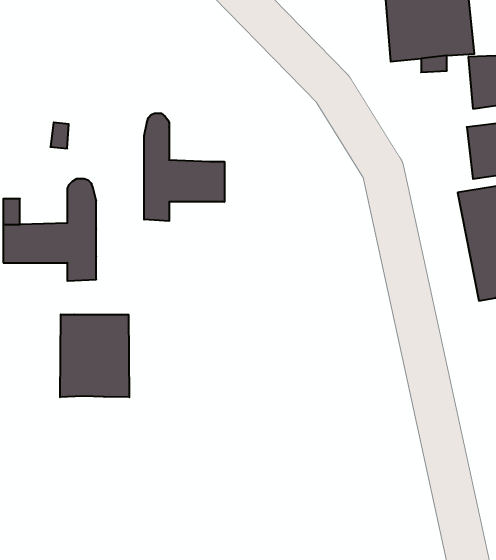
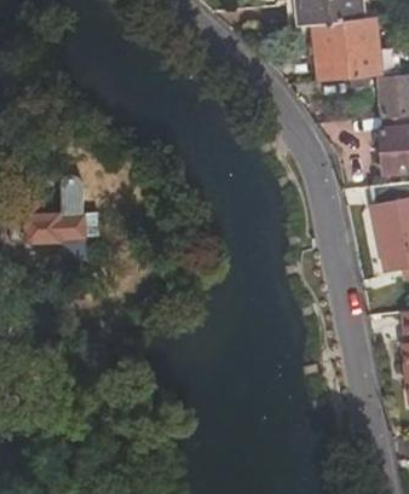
building: [144,113,224,221] -> none
building: [60,314,129,397] -> none

